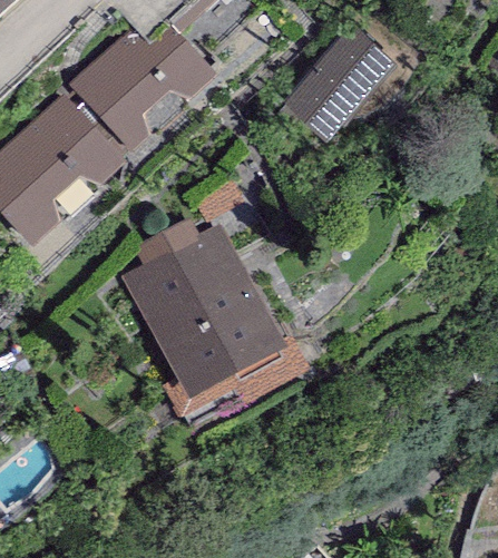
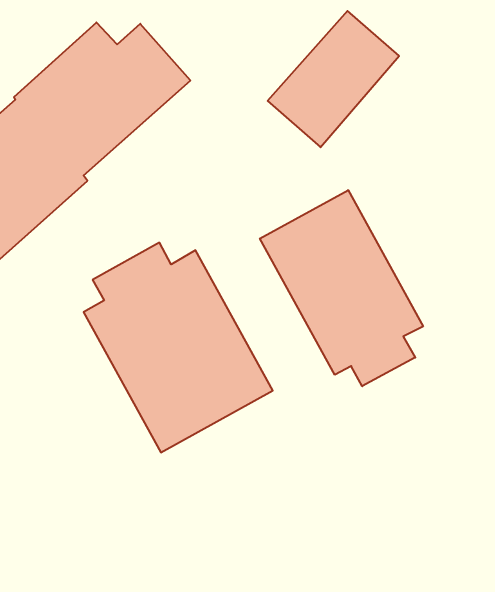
building: none -> [260,190,423,386]

